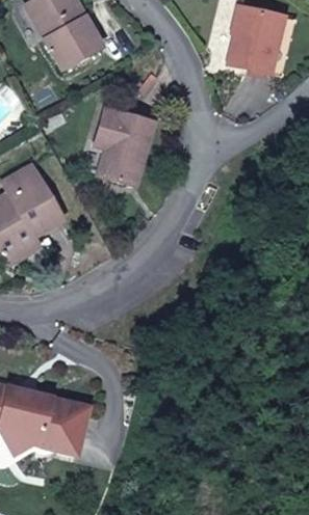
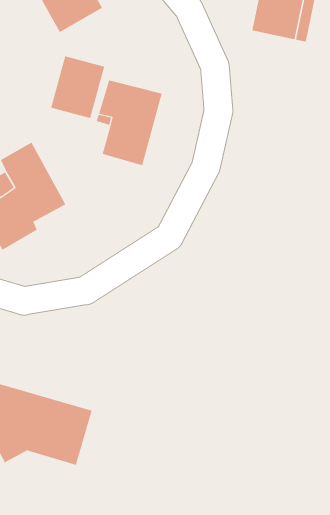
building: none -> [51,56,105,119]

